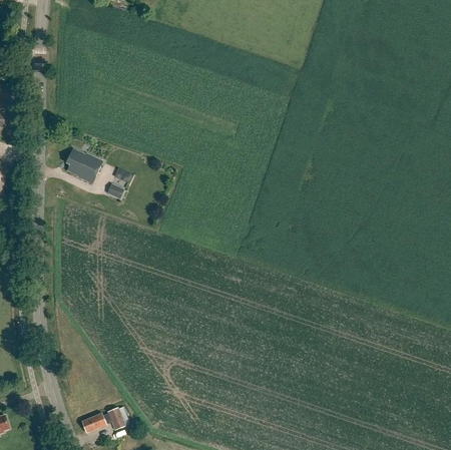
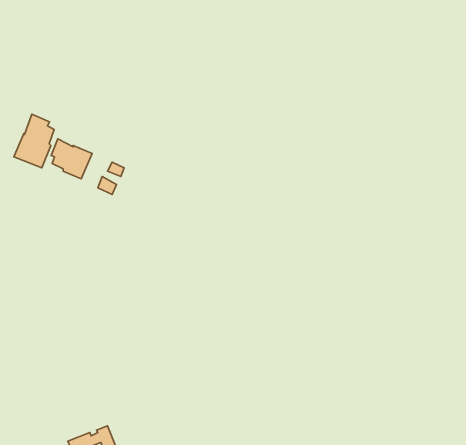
building: none -> [14,114,54,168]

